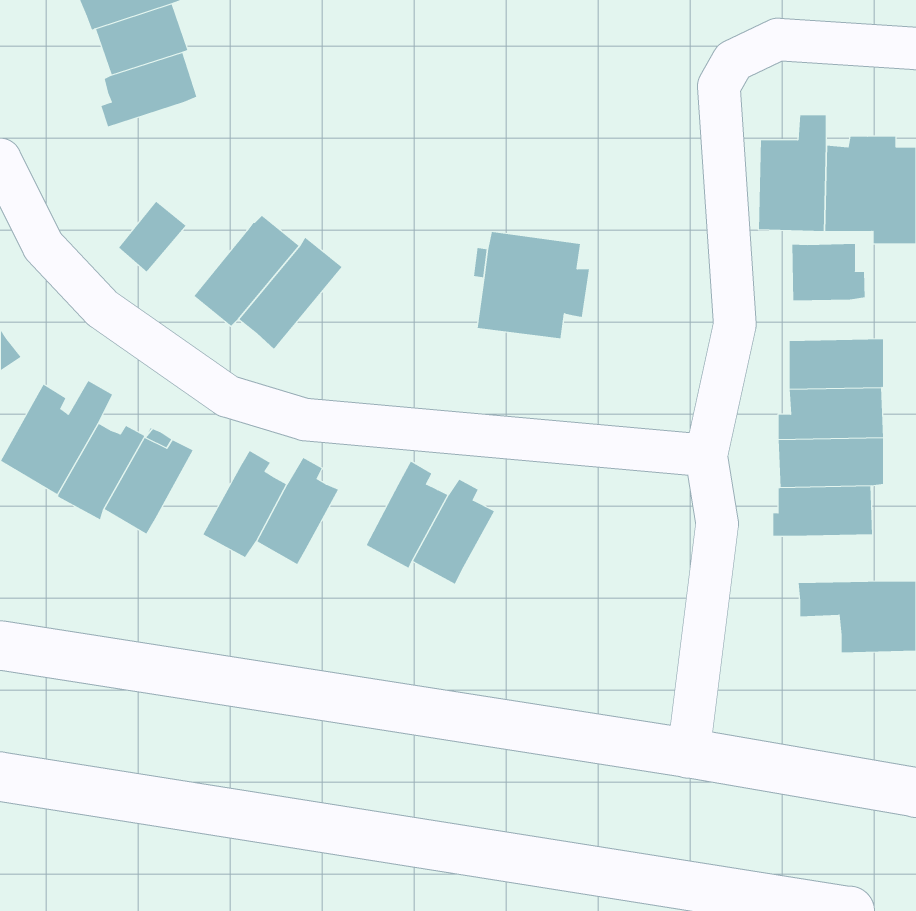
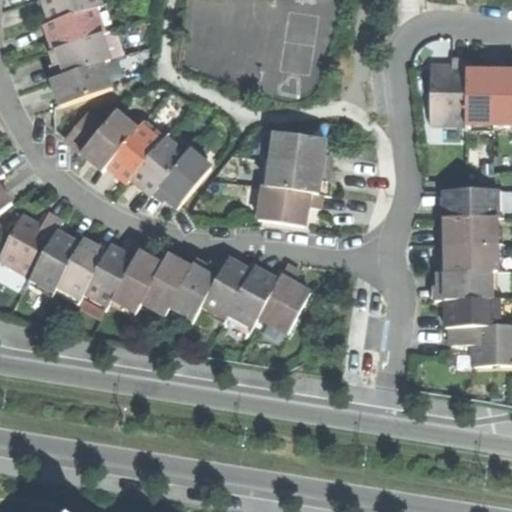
building: none -> [52,57,112,100]
building: none -> [82,111,138,169]
building: [792,243,865,301] -> none
building: none -> [157,149,212,208]
building: none -> [257,182,320,222]
building: none -> [86,245,135,305]
building: none -> [171,260,222,319]
building: none -> [259,264,311,332]
building: none -> [441,298,494,326]

